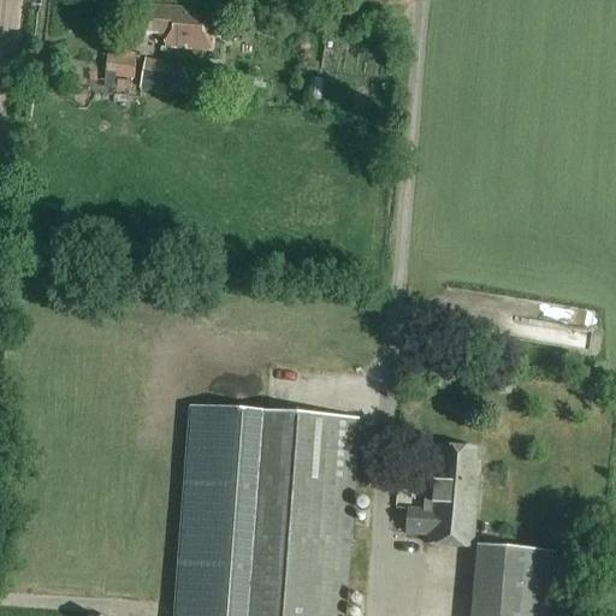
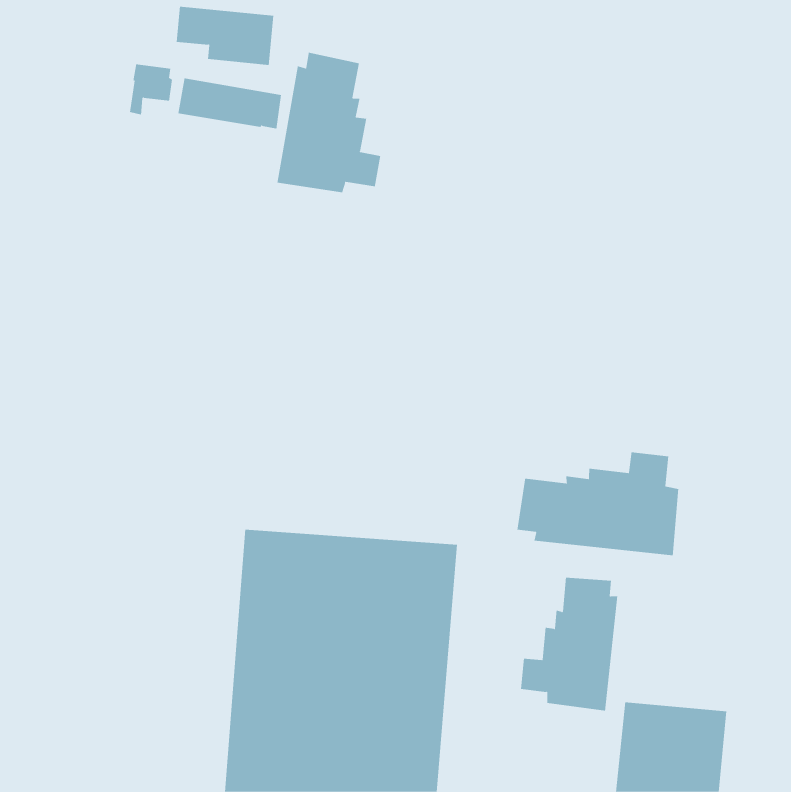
building: none -> [277,52,381,193]
building: none -> [517,451,679,556]

